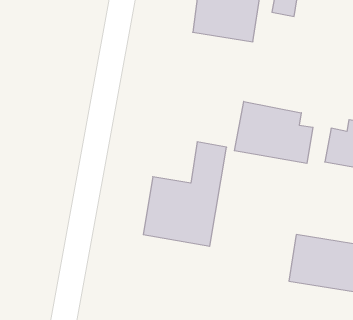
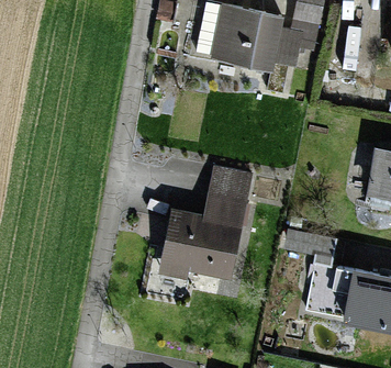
building: [234,101,313,163] -> none

